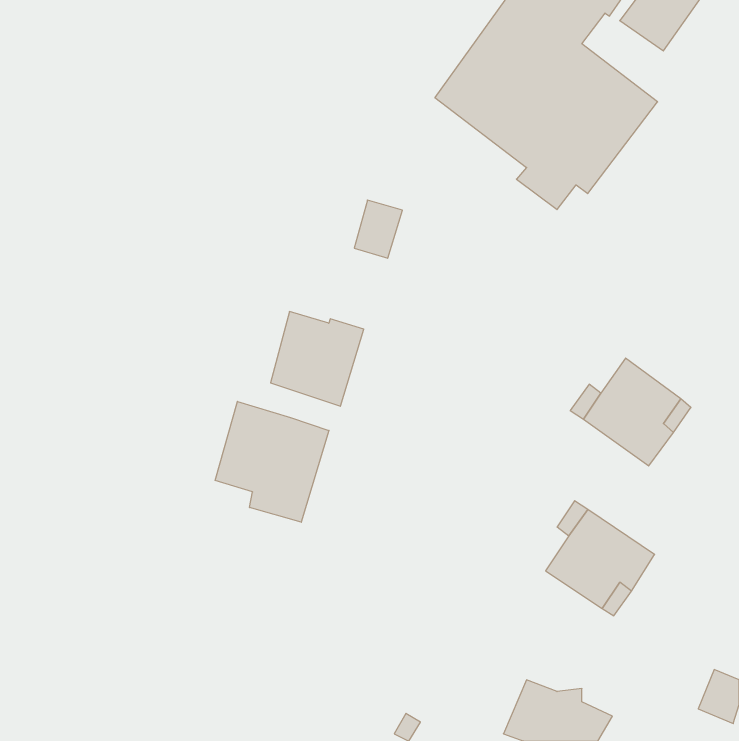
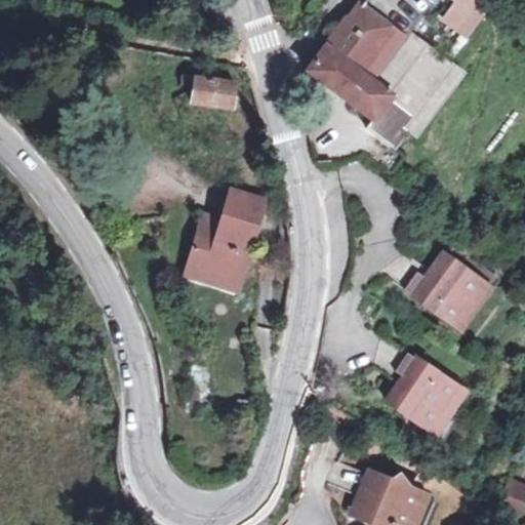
building: none -> [187,73,233,106]
building: [354,200,402,258] -> [233,191,267,232]
building: [215,401,329,522] -> none

